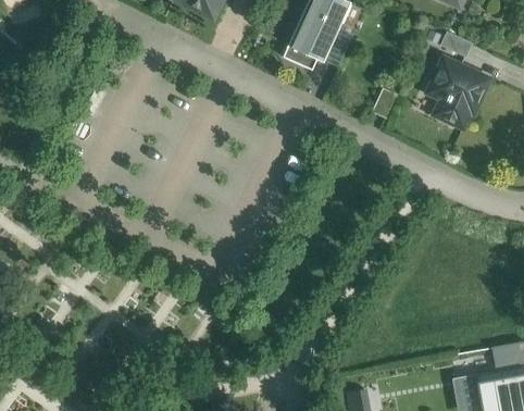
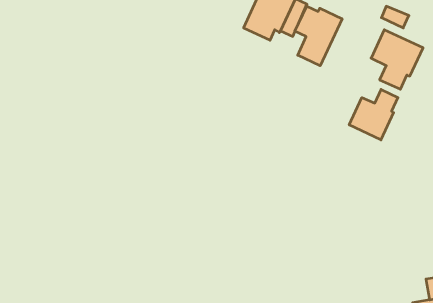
building: none -> [295,6,342,66]
building: none -> [349,89,398,140]

